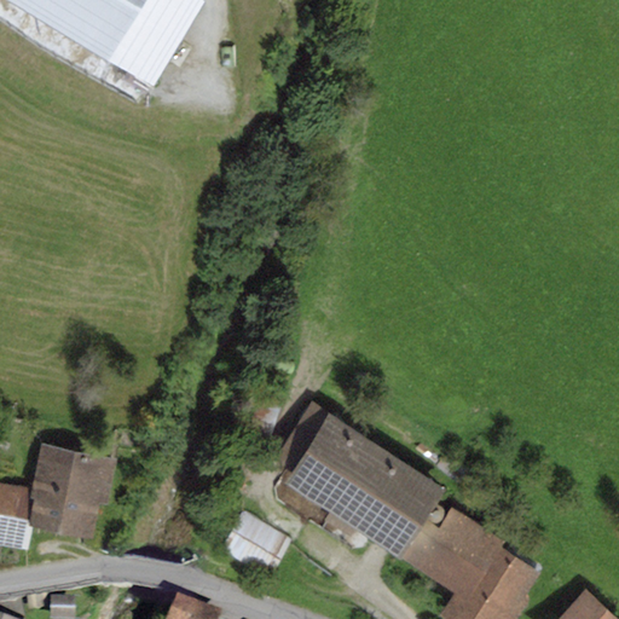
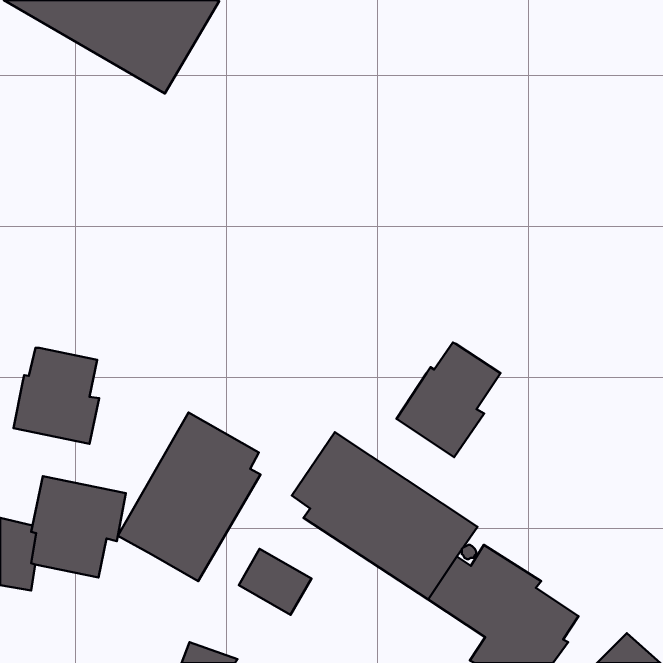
building: none -> [396,342,500,457]
building: none -> [14,348,99,444]
building: none -> [118,413,261,581]

